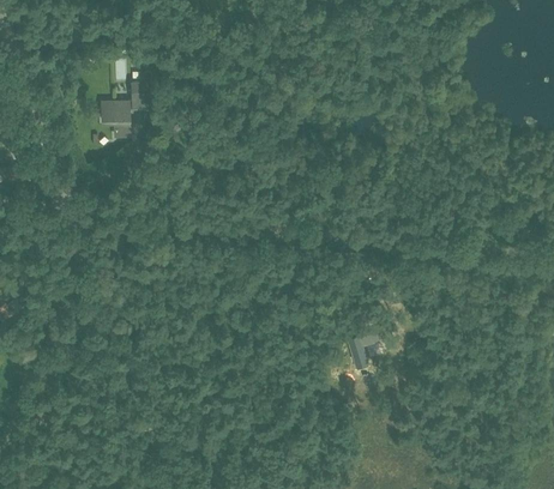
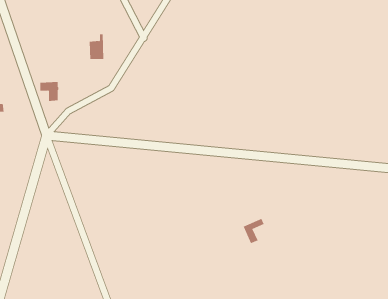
building: [102,107,130,134] -> [40,82,59,101]

